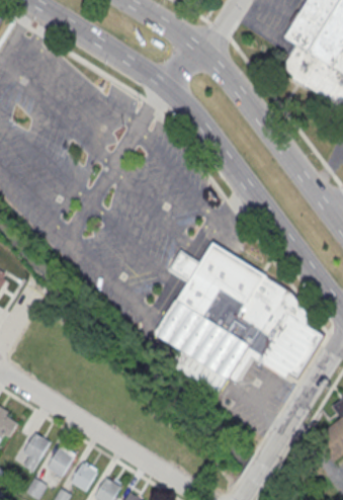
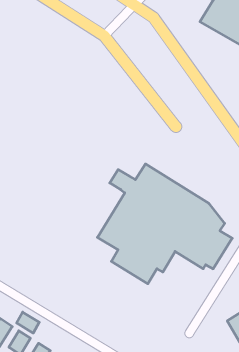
building: none -> [17,312,39,333]

